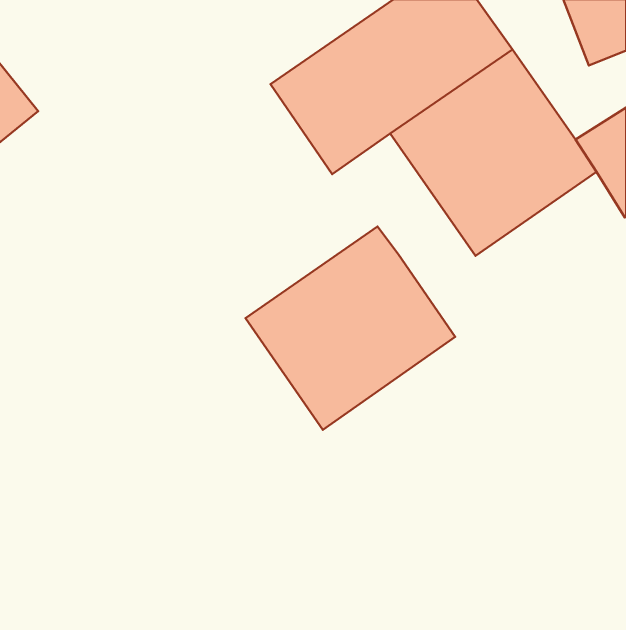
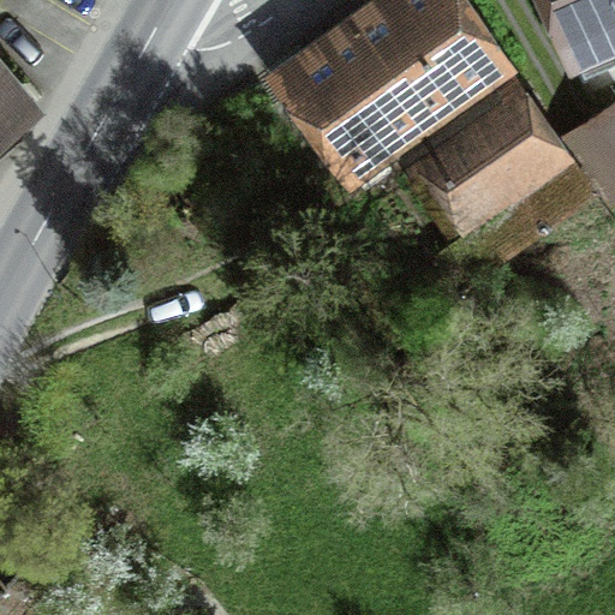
building: [246,226,455,430] -> none

